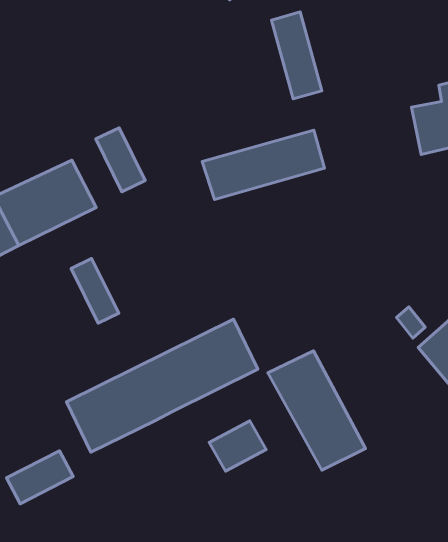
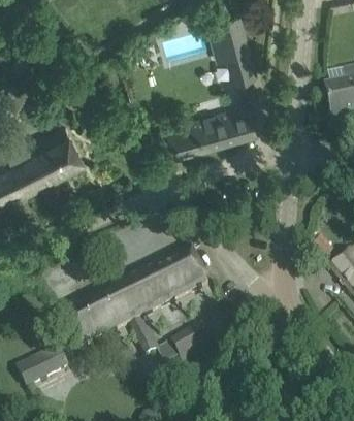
building: [96,128,145,192] -> none
building: [71,259,119,323] -> none
building: [268,351,366,470] -> none

